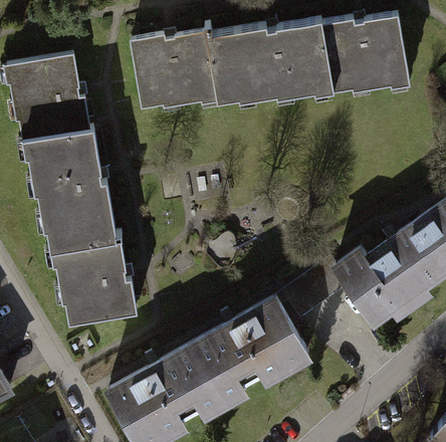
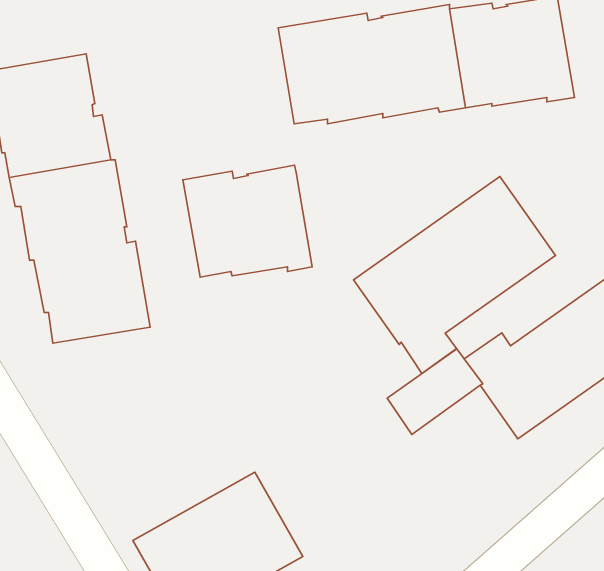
building: [129,31,218,108] -> [183,165,312,277]
building: none -> [353,177,555,373]
building: [51,242,139,326] -> none
building: [191,295,308,402] -> none

